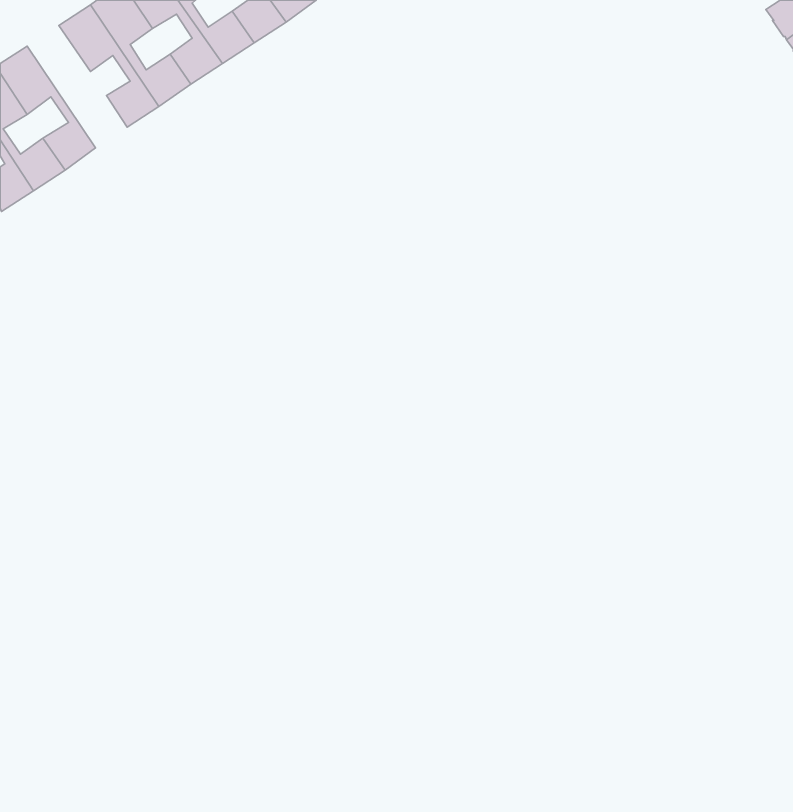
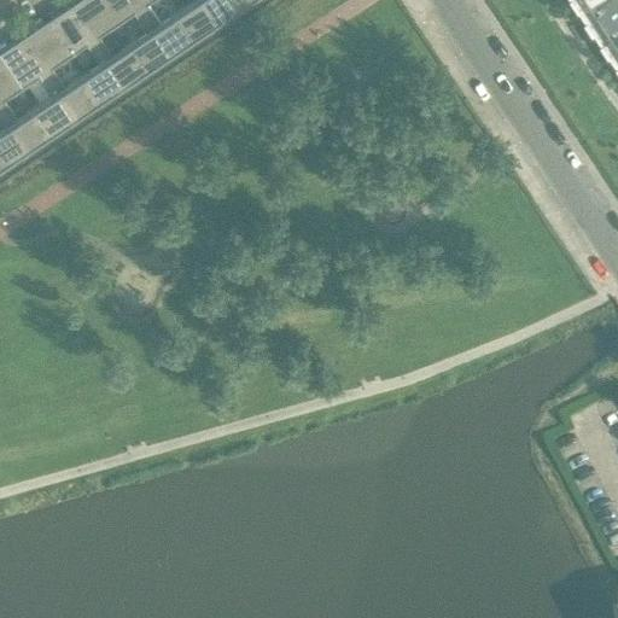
building: none -> [35,19,111,112]

